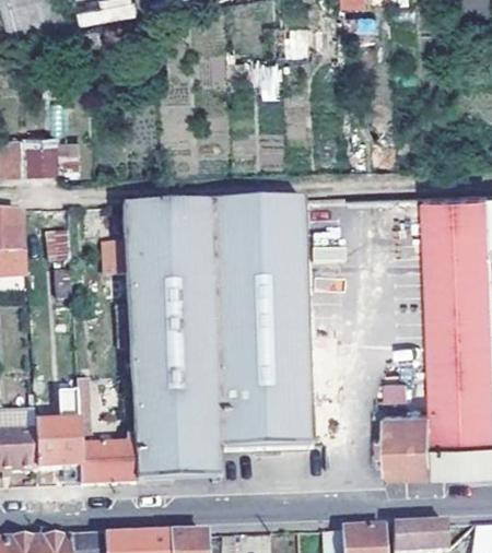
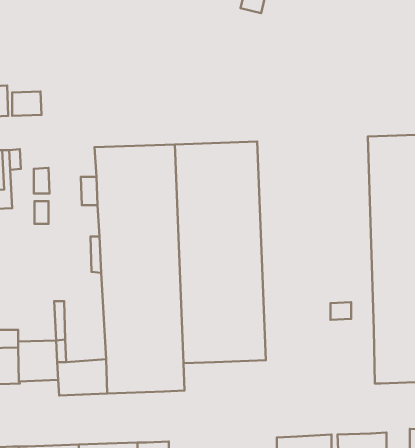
building: [379,408,433,470] -> none

